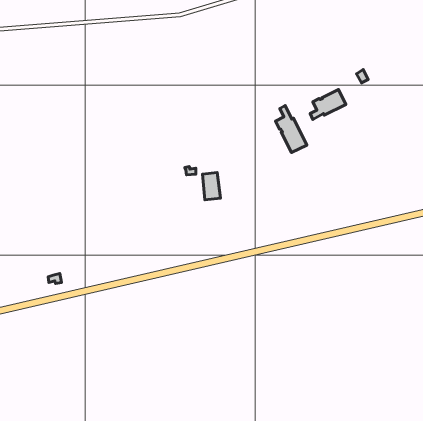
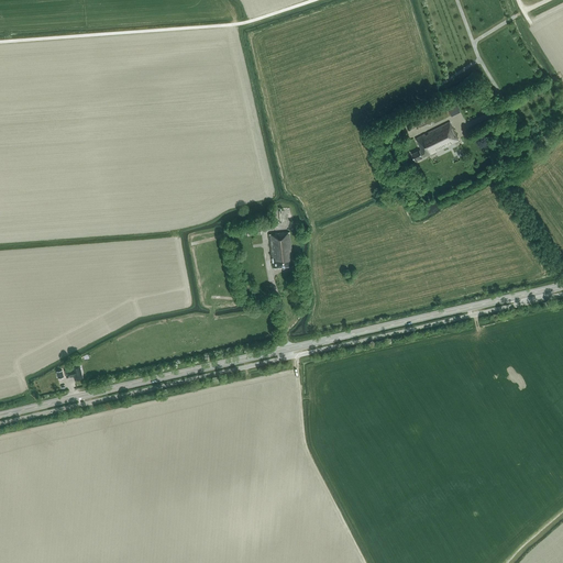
building: [275,105,307,153] -> none

